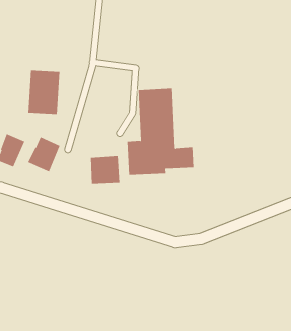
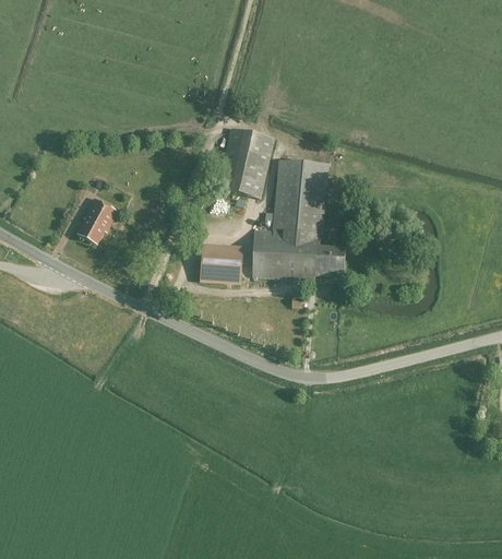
building: [27,70,61,115] -> [220,129,273,194]
building: [27,137,60,172] -> none

